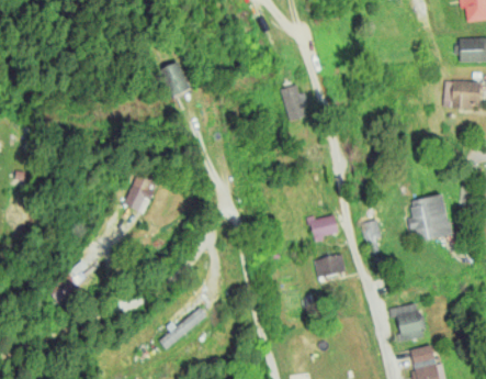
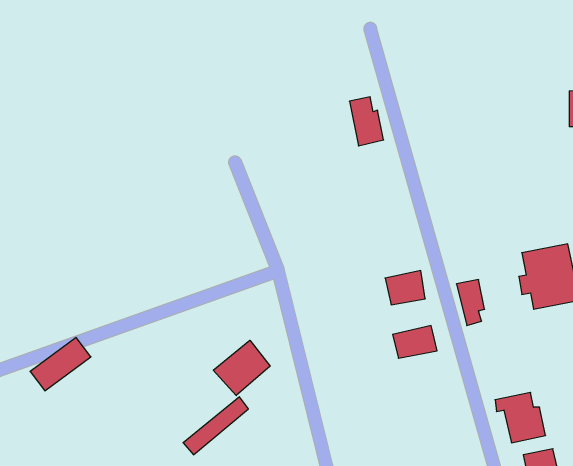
building: [159,60,190,97] -> none
building: [124,172,158,213] -> none
building: none -> [213,340,270,396]

